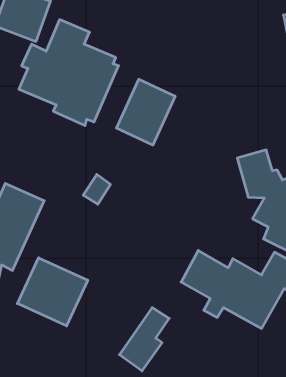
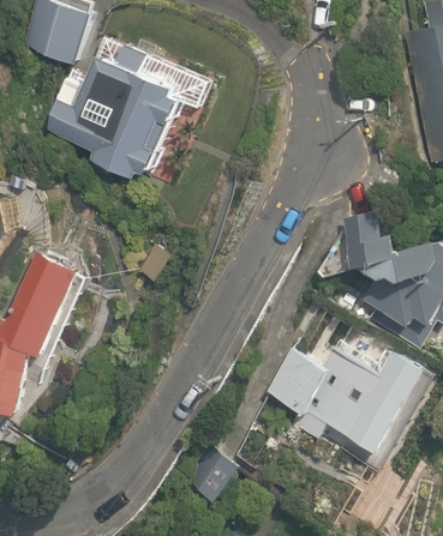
building: [116,79,175,145] -> none
building: [17,258,88,326] -> none

